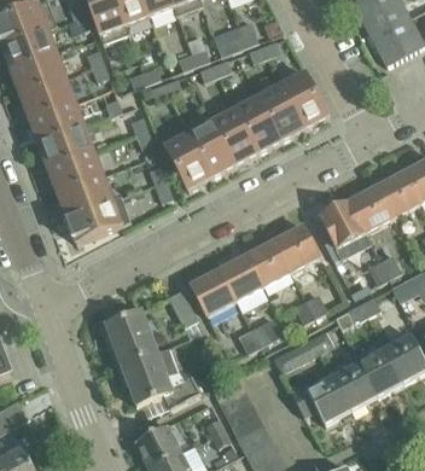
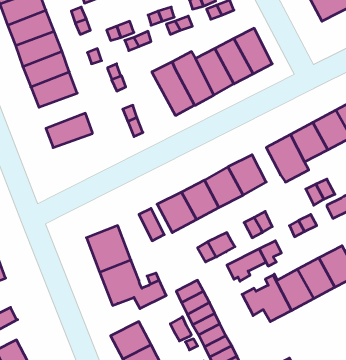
building: [161,127,211,190] -> none
building: [48,151,104,193] -> none
building: [65,196,130,243] -> none

